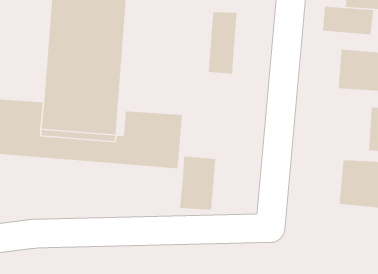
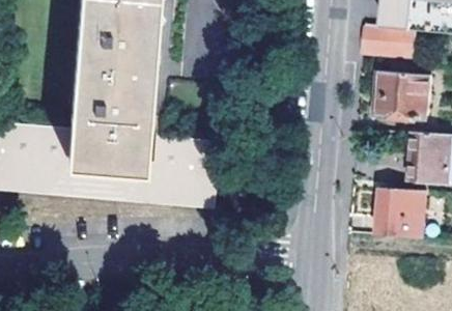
building: [208,12,238,75] -> none
building: [179,156,216,210] -> none

